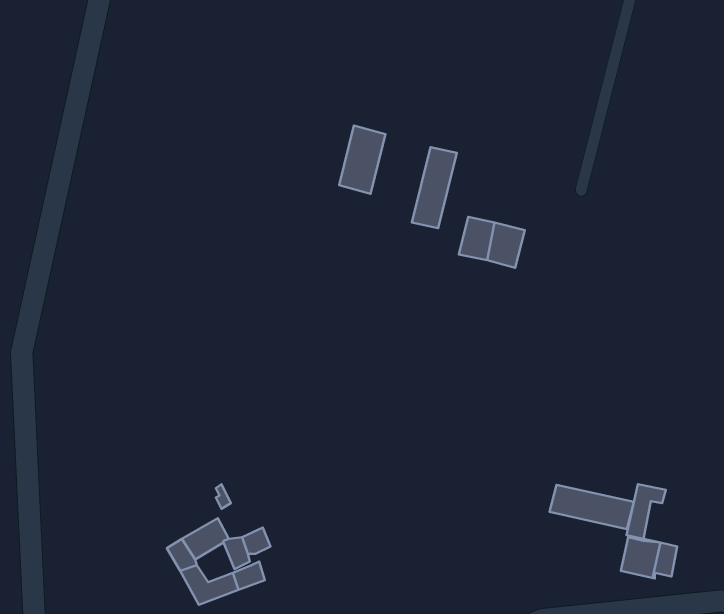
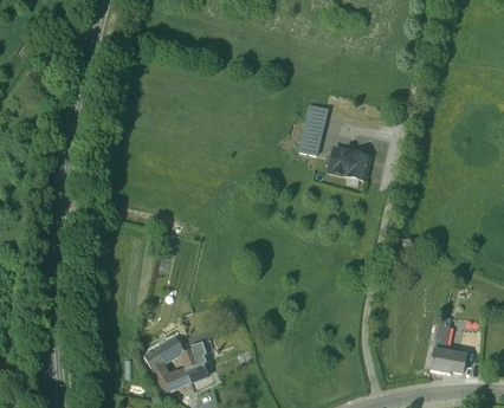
building: [339,126,385,194] -> none
building: [550,485,634,529] -> none

